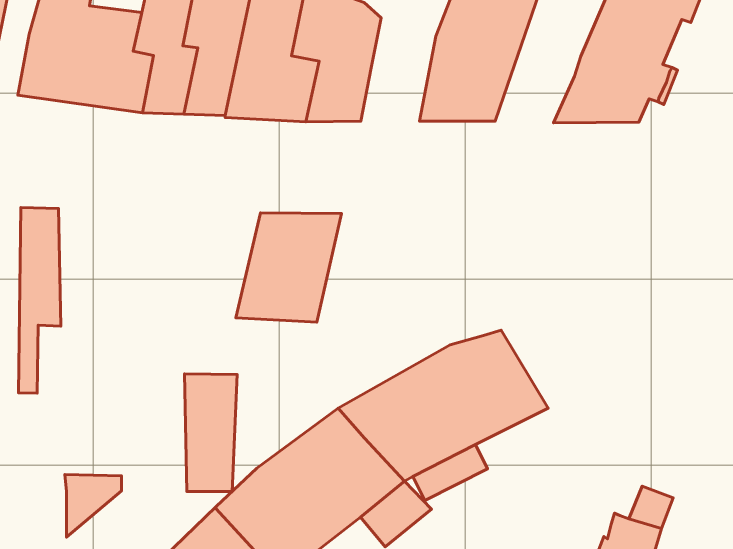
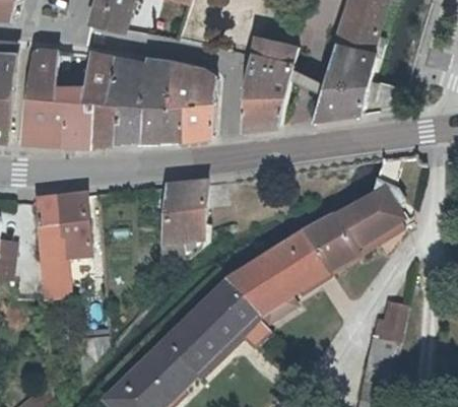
building: none -> [299,158,397,272]
building: [184,374,237,491] -> [53,195,86,261]

